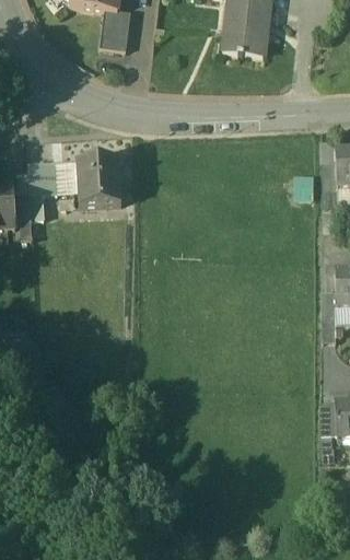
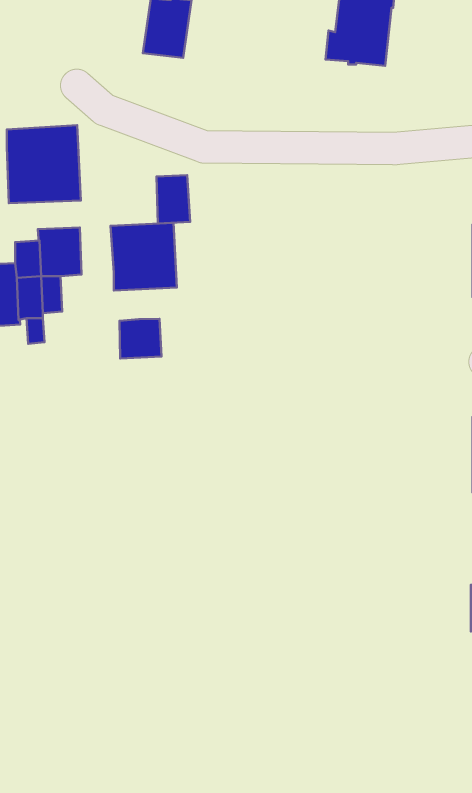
building: none -> [7,125,81,203]
building: [57,161,80,194] -> [156,175,190,224]
building: none -> [120,319,162,358]

